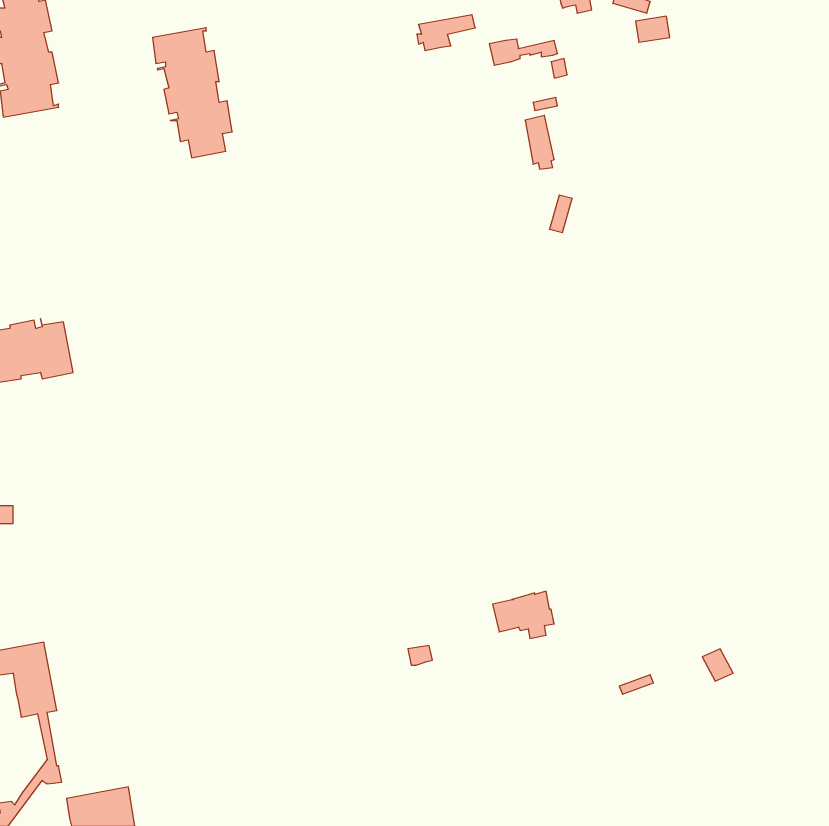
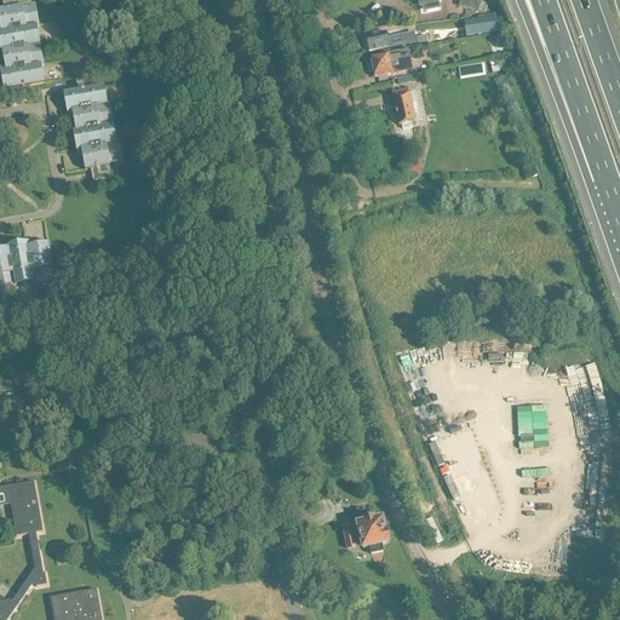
building: [417,15,475,51] -> [367,47,411,74]
building: [153,28,232,158] -> [63,82,122,179]
building: [493,591,554,638] -> [341,516,388,551]

